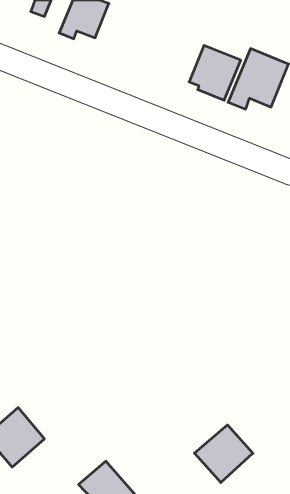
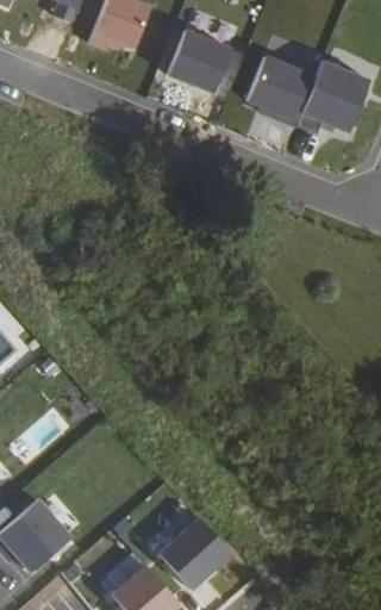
building: none -> [168,29,231,91]
building: [194,425,253,483] -> [161,516,232,586]

